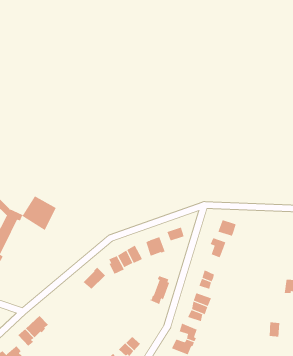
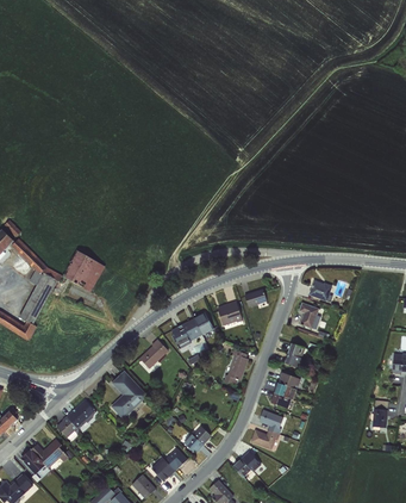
building: none -> [110,371,146,420]

